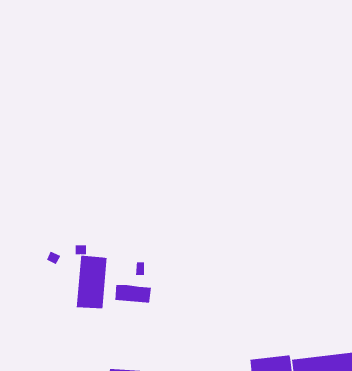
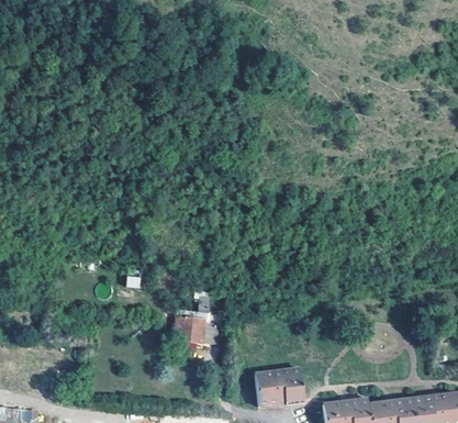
building: [76,255,107,309] -> none
building: none -> [255,367,304,405]

